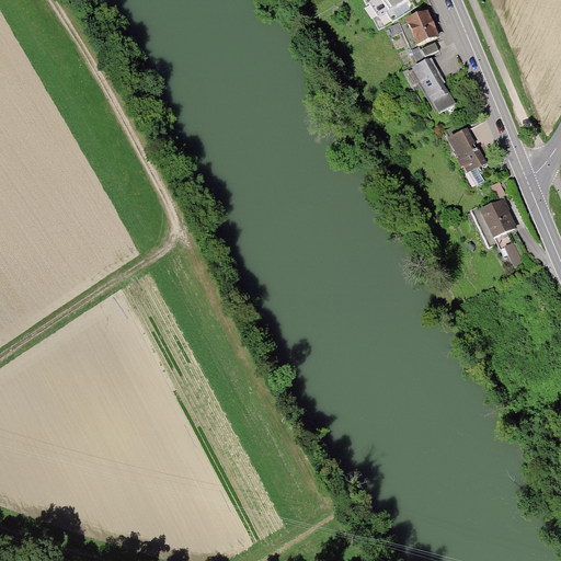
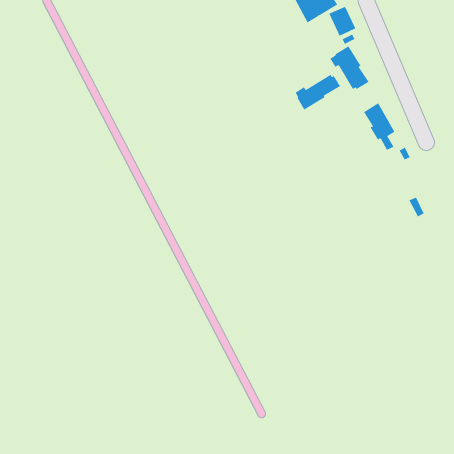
building: none -> [295,74,341,110]
building: [479,197,516,239] -> none

